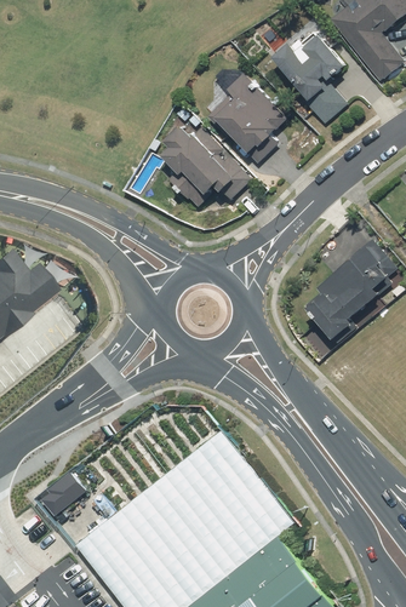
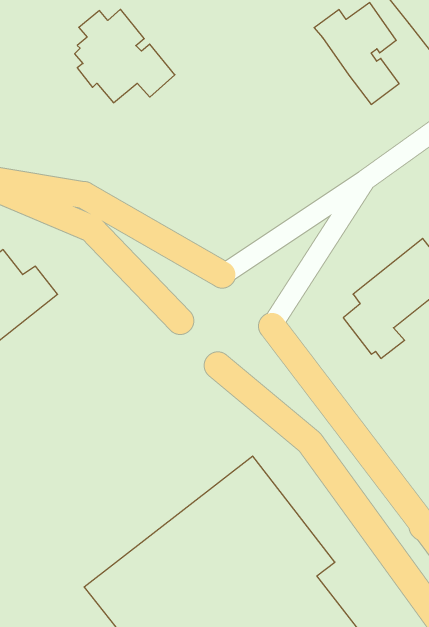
building: [211,74,287,162] -> none
building: [164,125,251,206] -> [75,9,175,103]
building: [41,476,74,509] -> none

